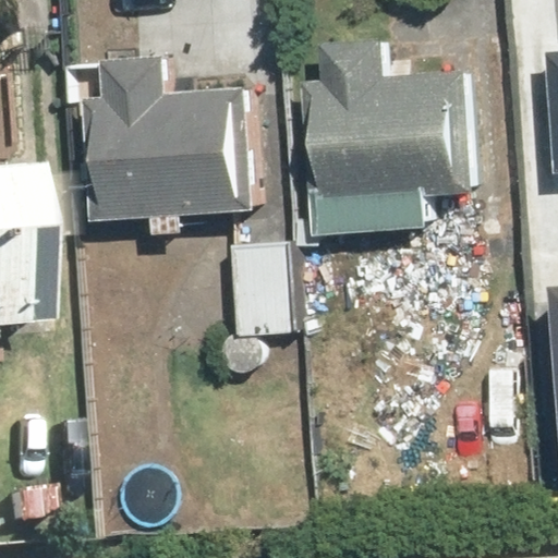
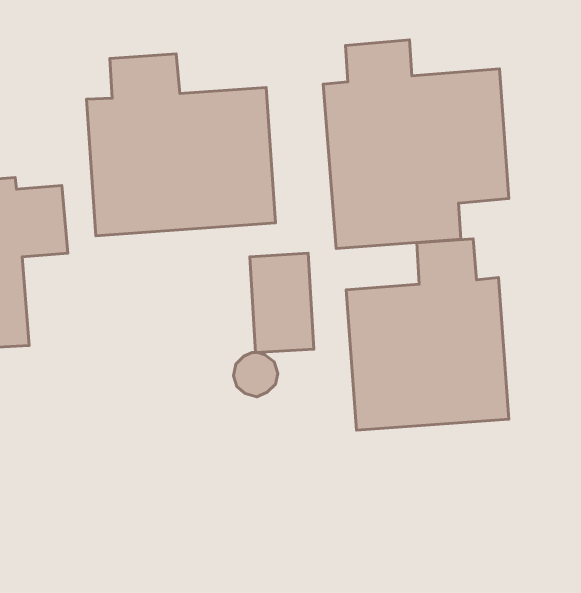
building: none -> [346,239,509,430]

